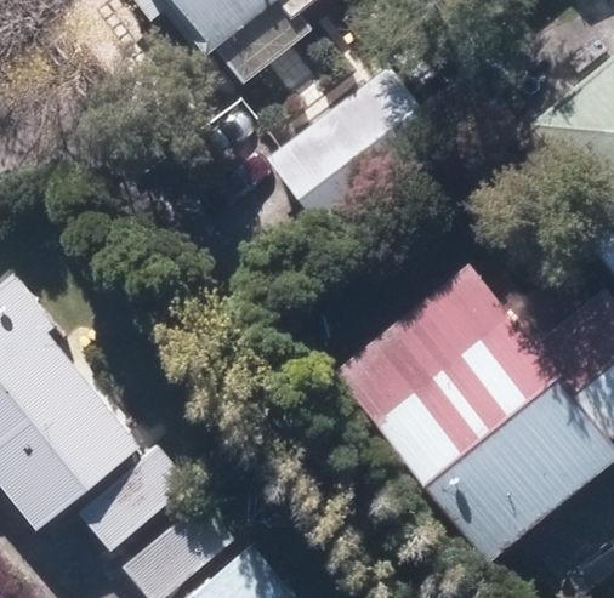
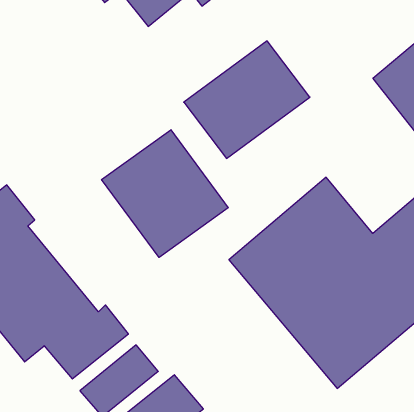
building: none -> [102,130,228,257]

